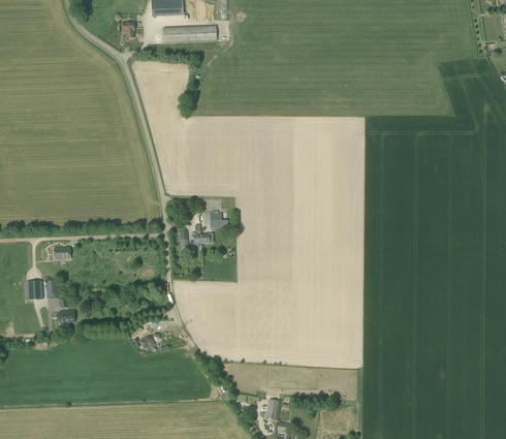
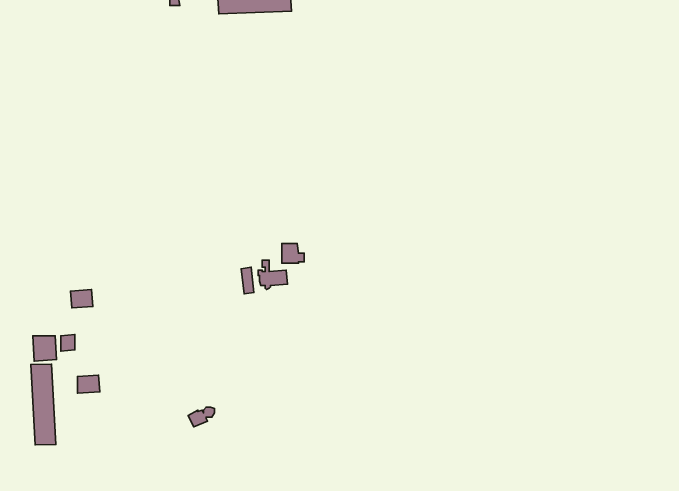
building: none -> [31,364,56,445]

